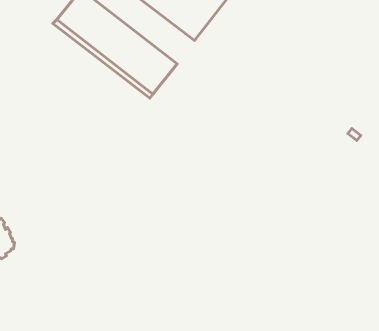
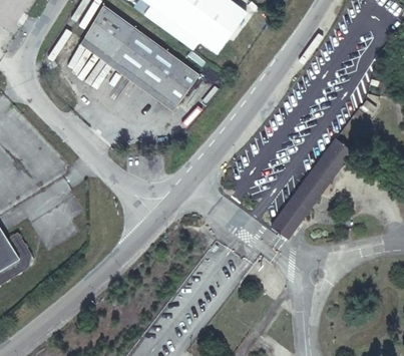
building: none -> [271,142,349,240]

